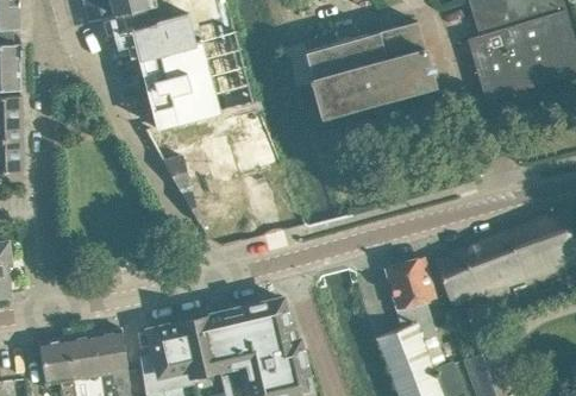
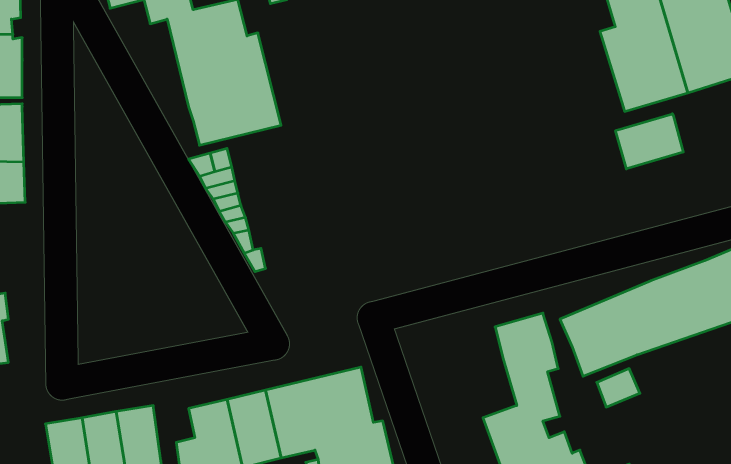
building: [287,21,434,119] -> none
building: none -> [616,114,683,169]

